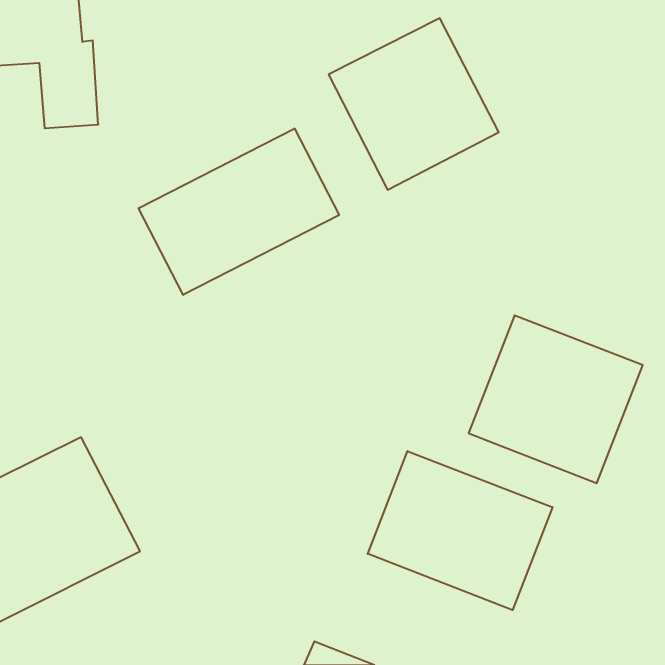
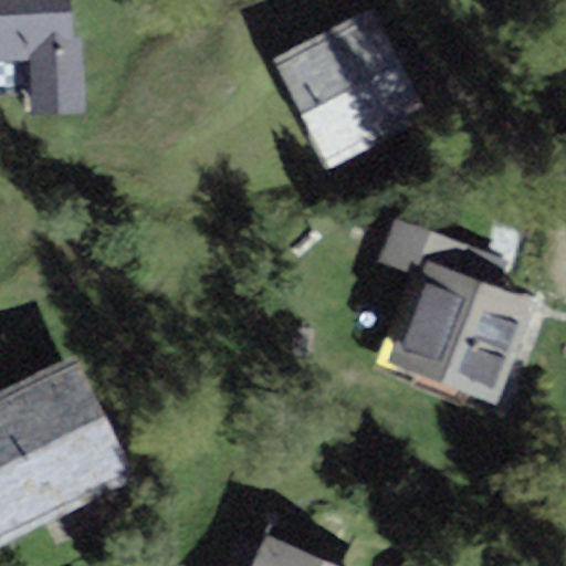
building: [139,128,339,295] -> none
building: [368,451,552,610] -> none

